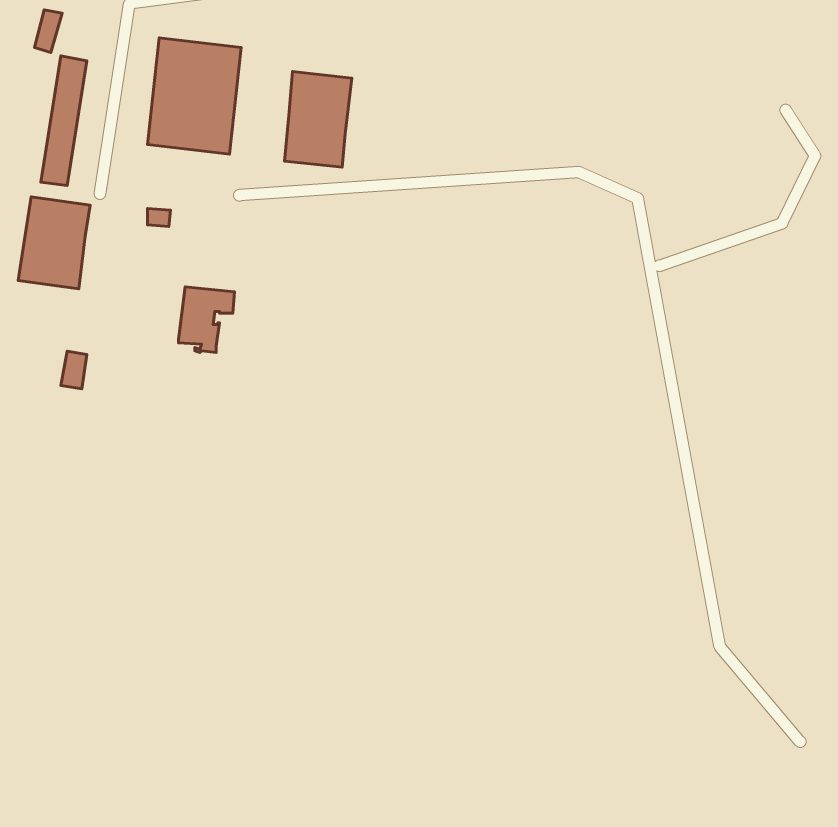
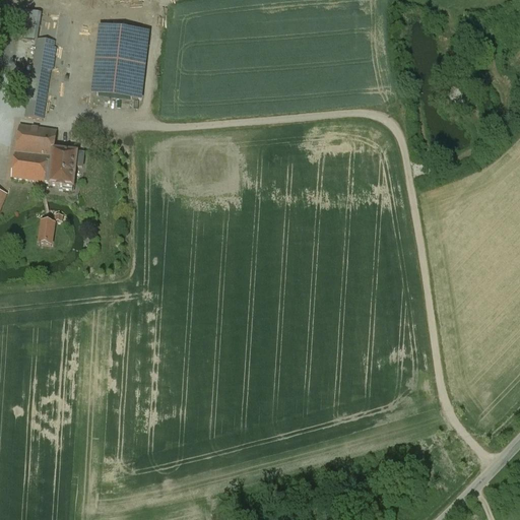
building: [284,72,352,167] -> none
building: [179,287,234,353] -> [49,146,83,187]

